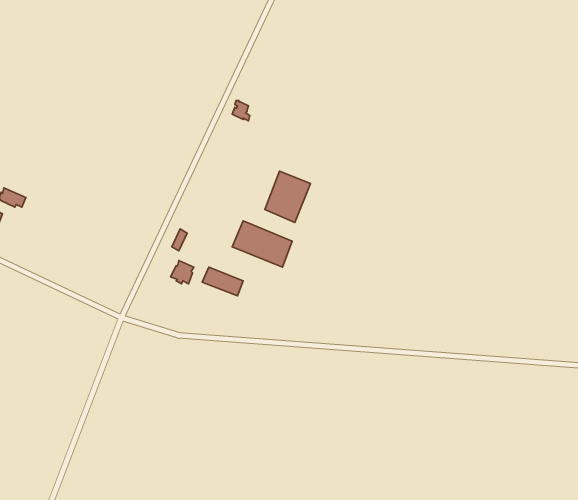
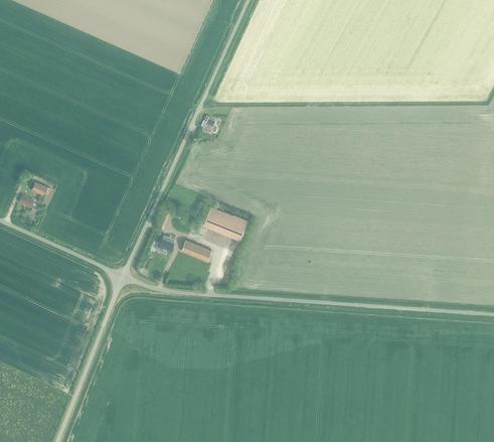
building: [265,171,311,222] -> none

